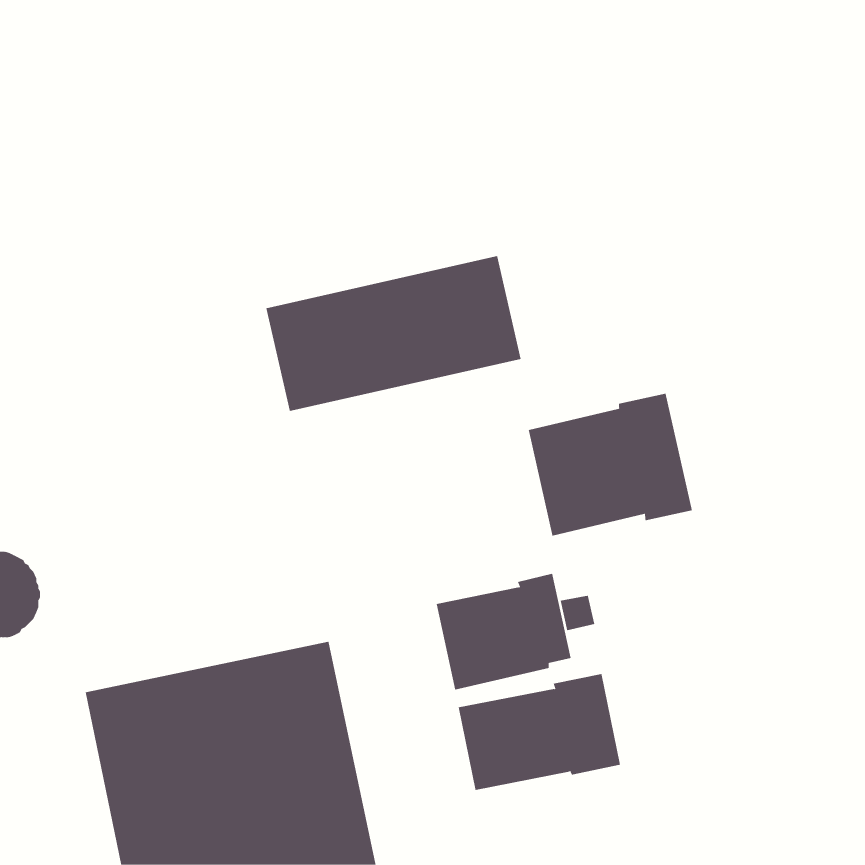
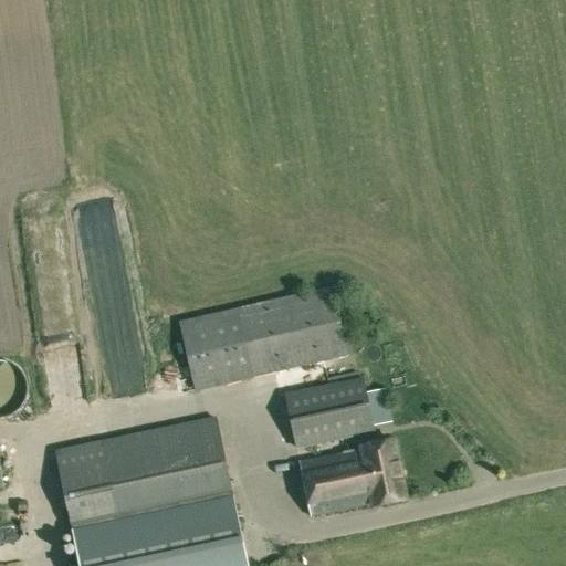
building: [265,256,522,412] -> [179,287,346,389]
building: [528,393,692,537] -> none

